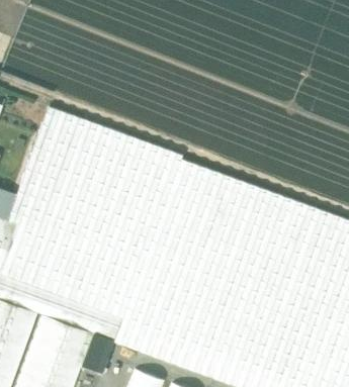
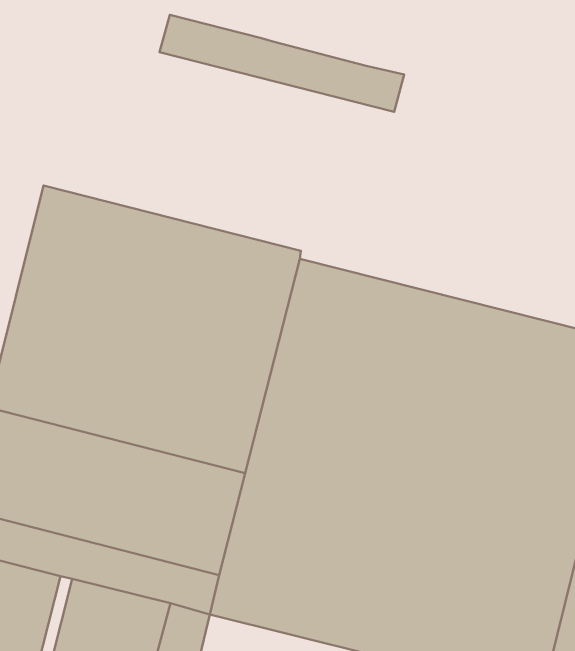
building: none -> [160,15,404,112]

